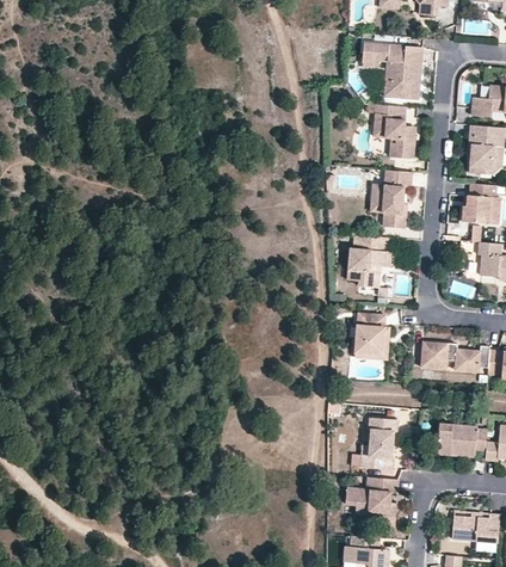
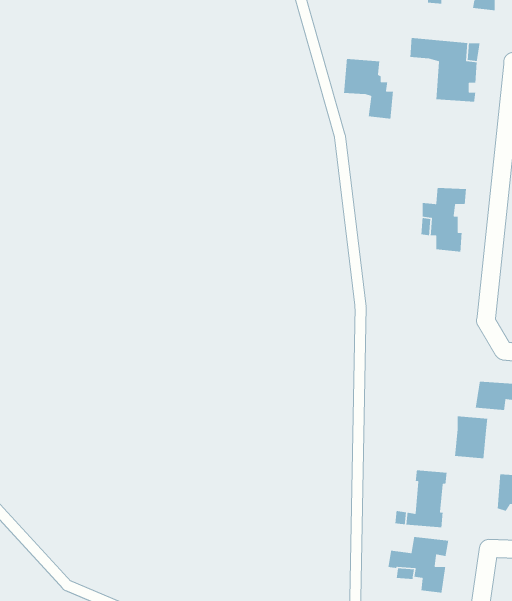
building: [374,105,418,159] -> [343,58,394,120]
building: [348,236,393,289] -> none
building: [357,316,387,355] -> [454,416,488,459]

